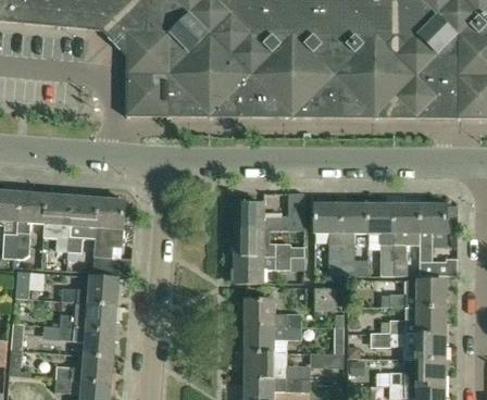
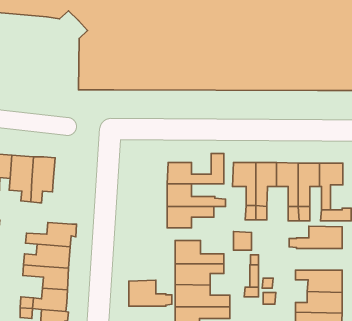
building: [92,198,134,275] -> none
building: [389,308,446,334] -> none
building: none -> [129,280,172,306]

